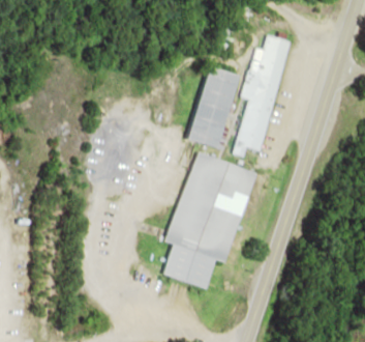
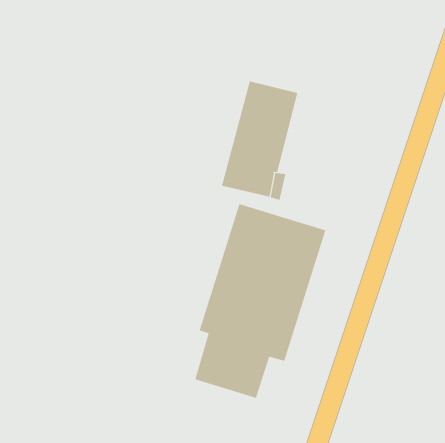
building: [234,35,291,158] -> none

